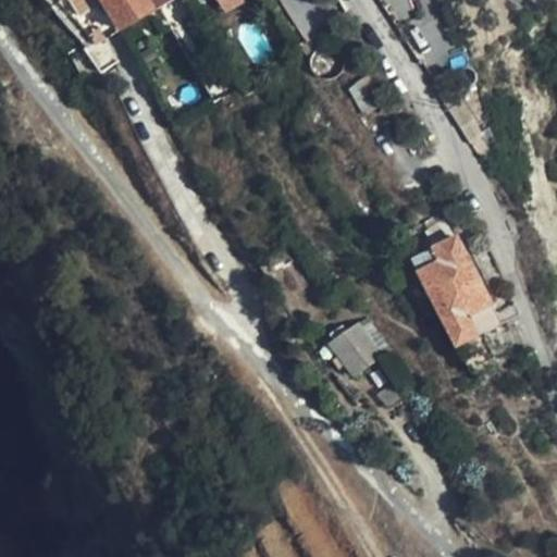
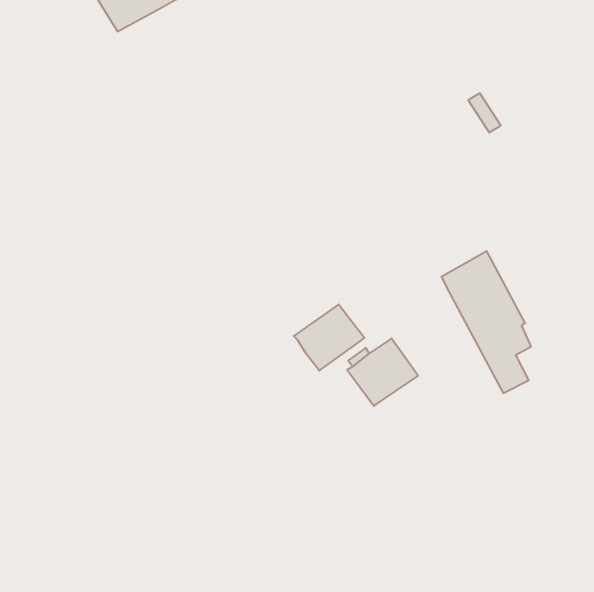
building: none -> [294,304,365,371]

